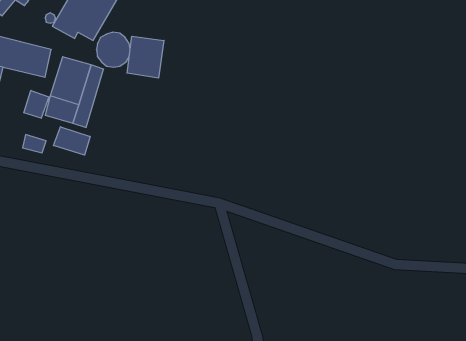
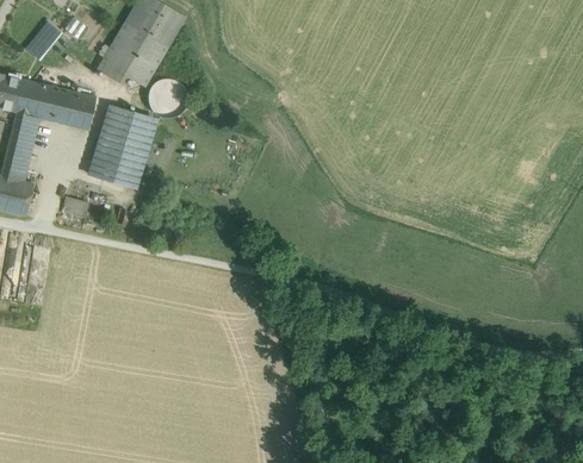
building: [127,36,164,78] -> none
building: [24,90,49,118] -> none
building: [54,127,90,155] -> none

